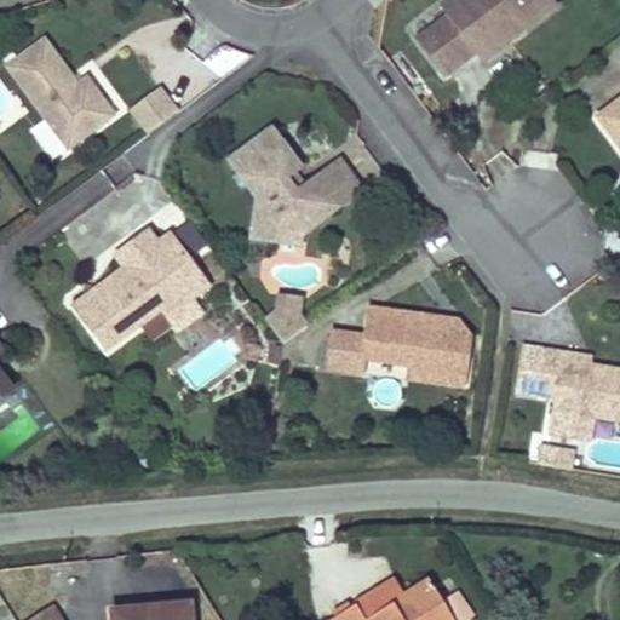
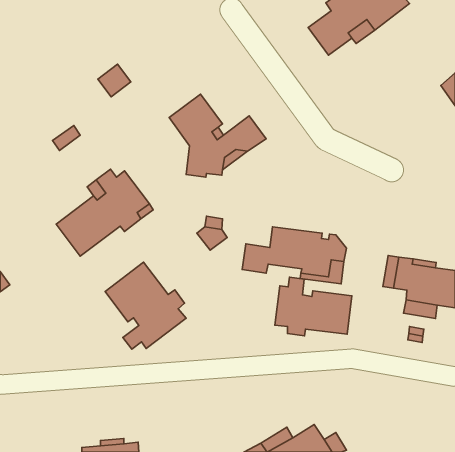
building: [7,36,117,150] -> none
building: none -> [105,262,186,349]
building: none -> [275,277,352,336]

